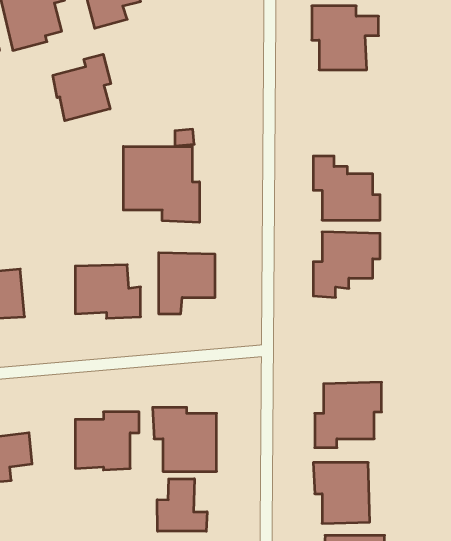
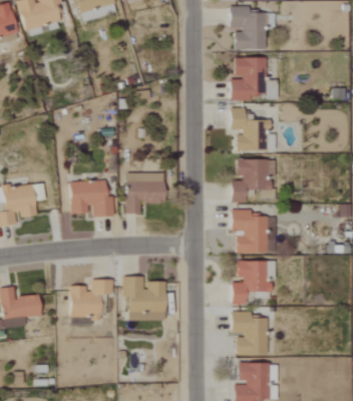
building: [53,54,111,121] -> none
building: none -> [230,57,279,100]
building: [123,146,199,222] -> none
building: none -> [231,212,277,253]
building: [157,479,207,531] -> none

